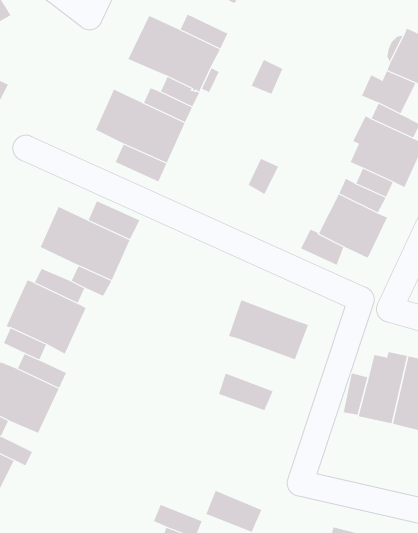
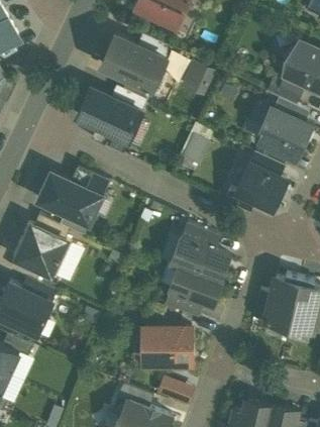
building: none -> [181,223,220,251]
building: none -> [170,266,222,307]
building: none -> [144,325,191,371]

